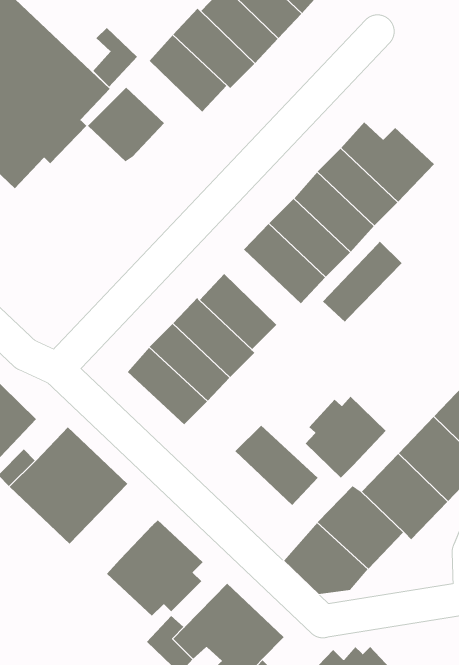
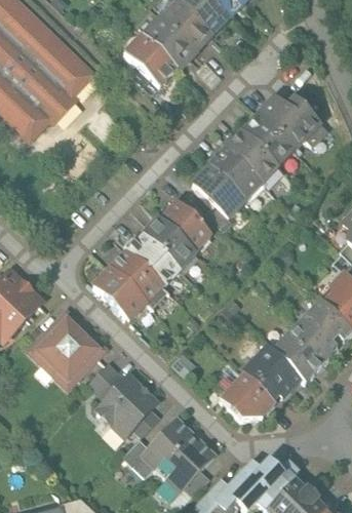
building: [92,27,138,87] -> none
building: [87,87,165,162] -> none
building: [322,241,402,322] -> none
building: [305,396,387,478] -> none
building: [235,425,319,506] -> [88,269,147,325]
building: none -> [84,360,124,399]

